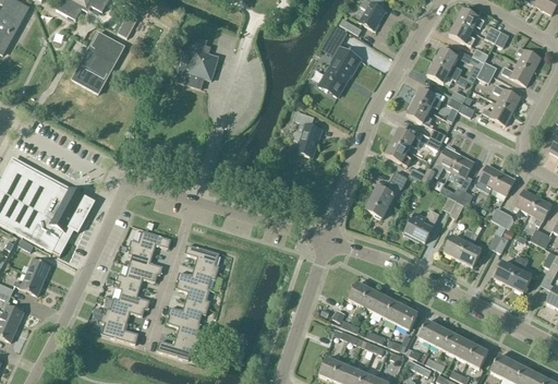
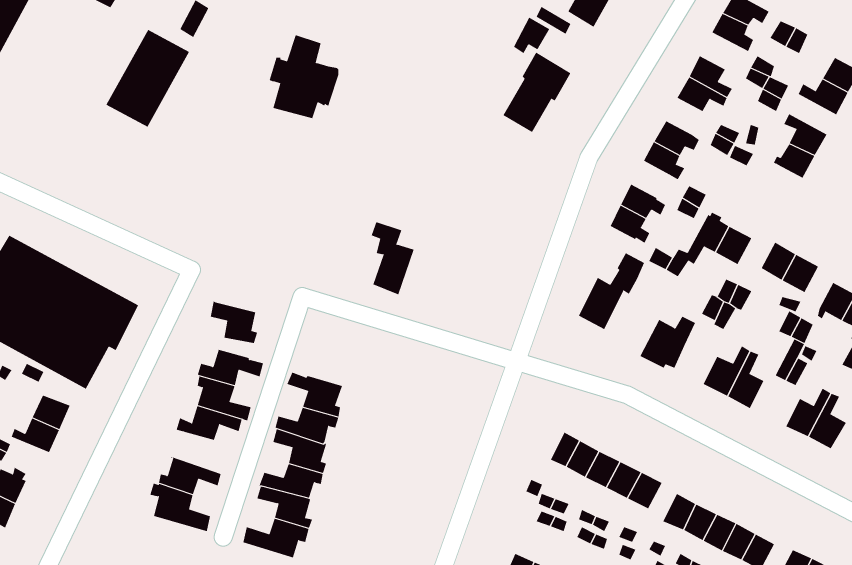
building: [294,111,322,157] -> [371,221,415,295]
building: none -> [210,300,258,344]
building: [118,281,149,309] -> none

